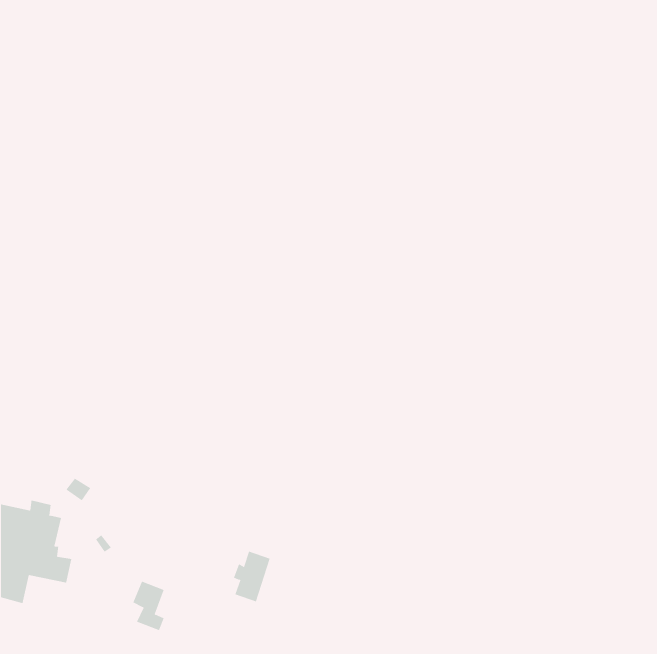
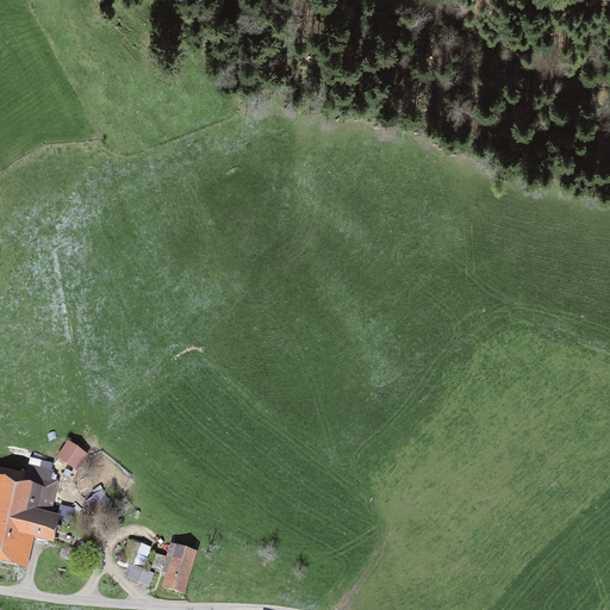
building: [233,551,271,602] -> [161,546,195,593]

